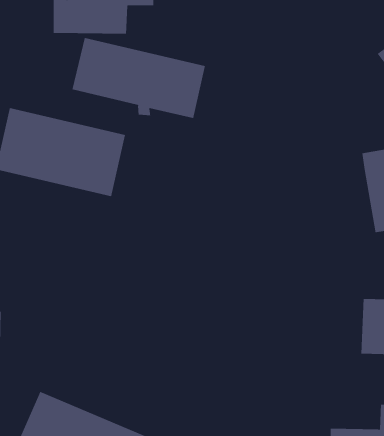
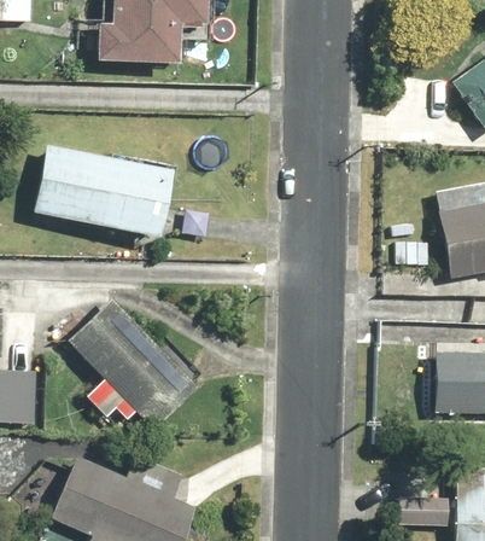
building: [72,37,205,119] -> none
building: none -> [65,295,198,425]

